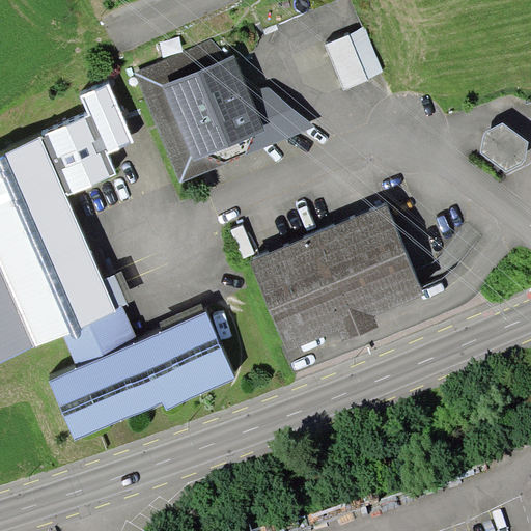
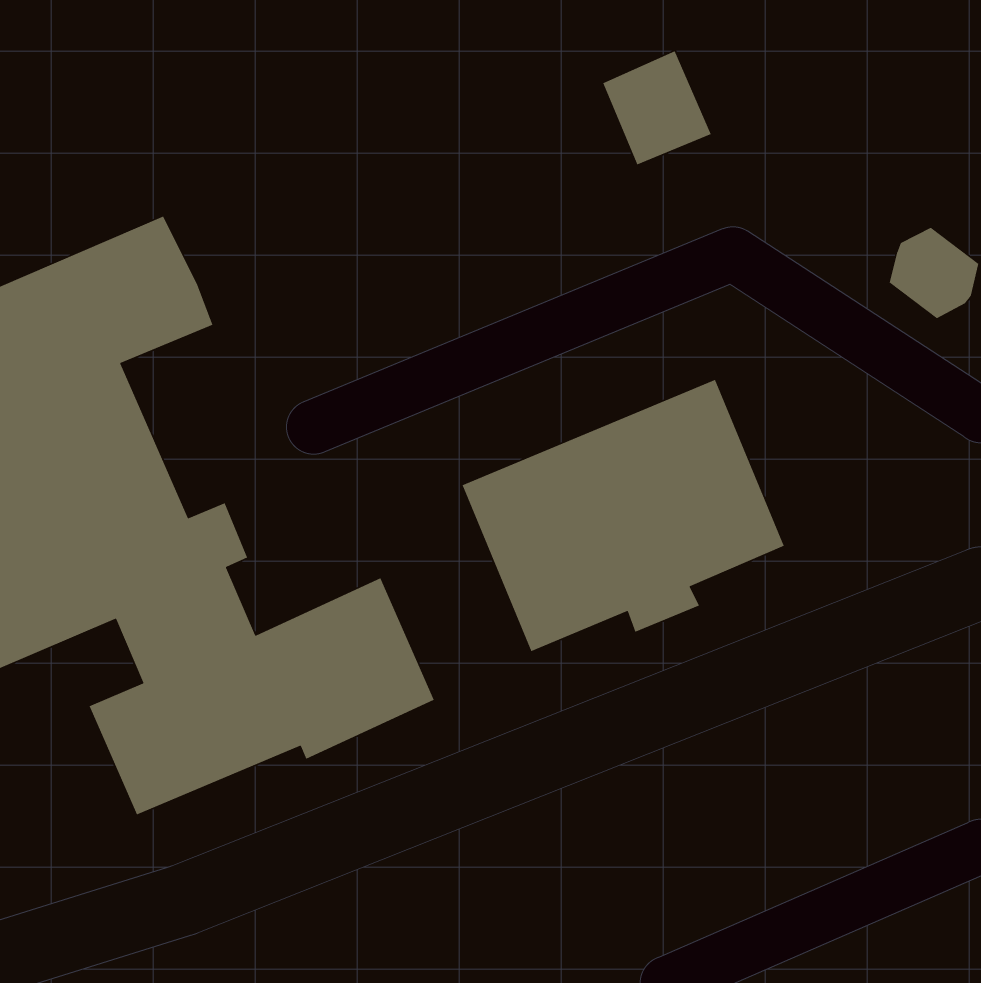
building: [134,39,314,183] -> none
building: [79,82,134,153] -> none

